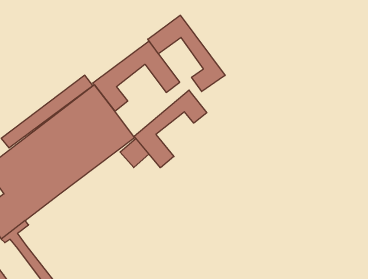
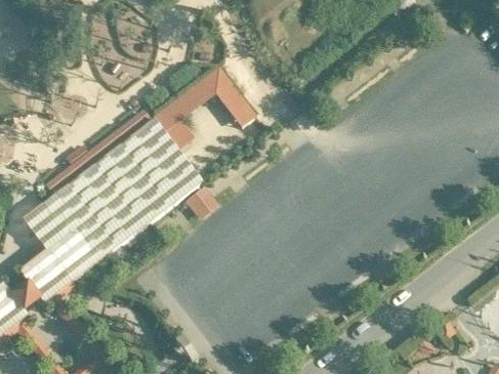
building: [148,15,225,92] -> none
building: [134,90,207,168] -> none

